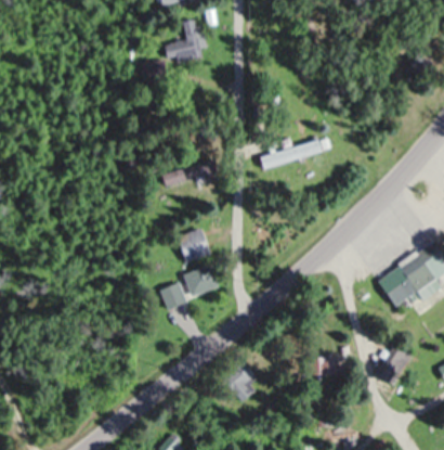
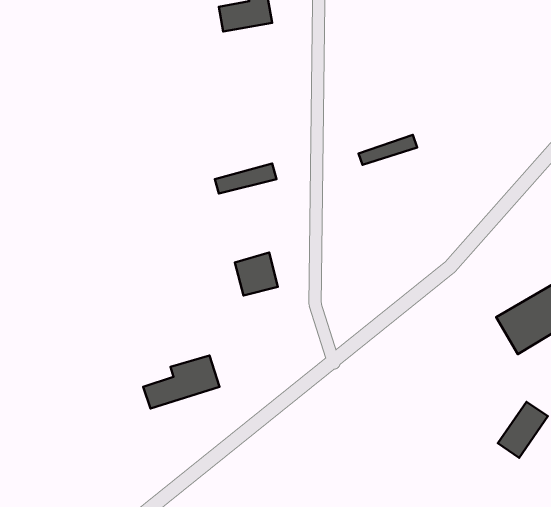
building: [164,267,221,307] -> [143,355,219,409]
building: [306,358,337,381] -> none
building: [225,363,258,395] -> none

